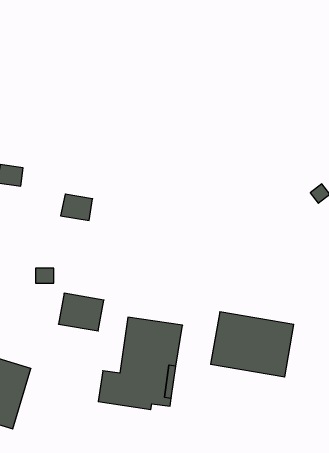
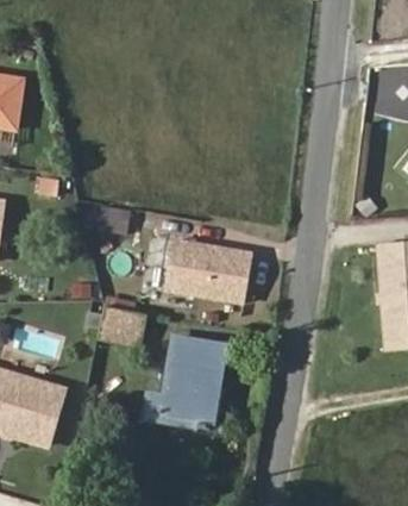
building: [211,312,294,377] -> [165,238,252,306]

